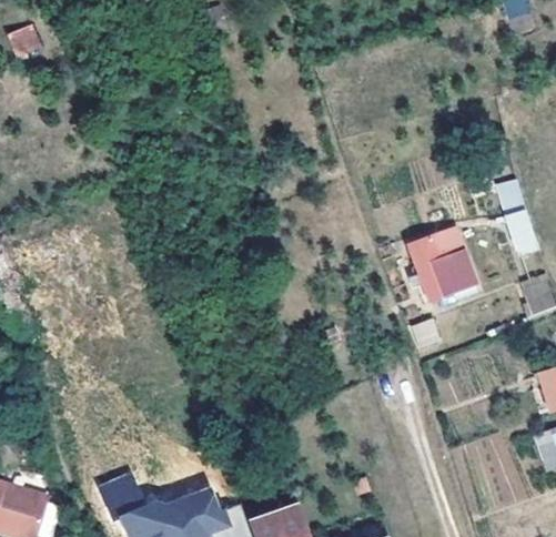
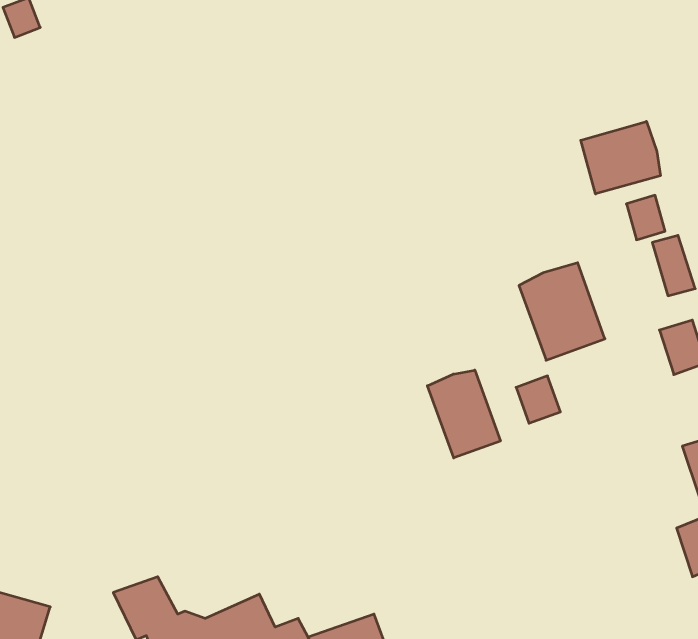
building: none -> [581,121,660,194]
building: none -> [427,370,500,458]

